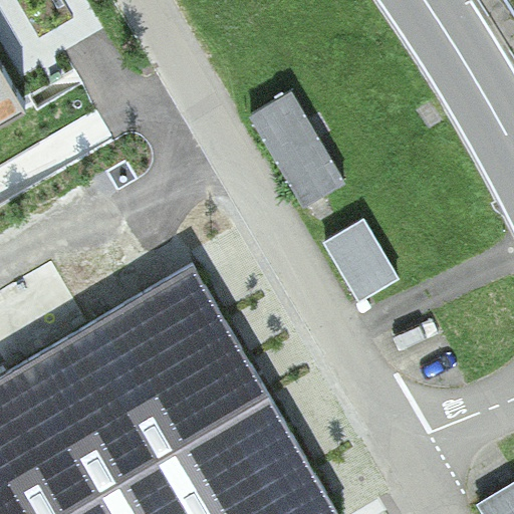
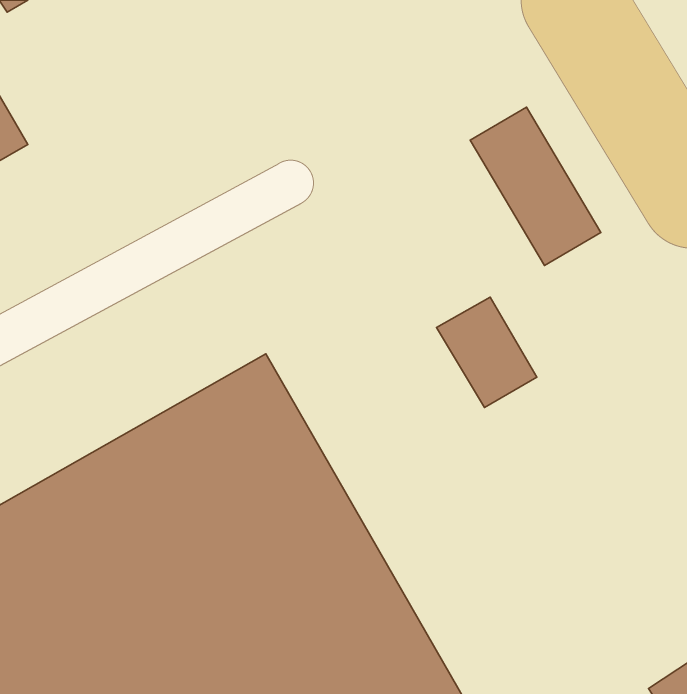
building: [247,93,342,209] -> [470,107,601,266]

